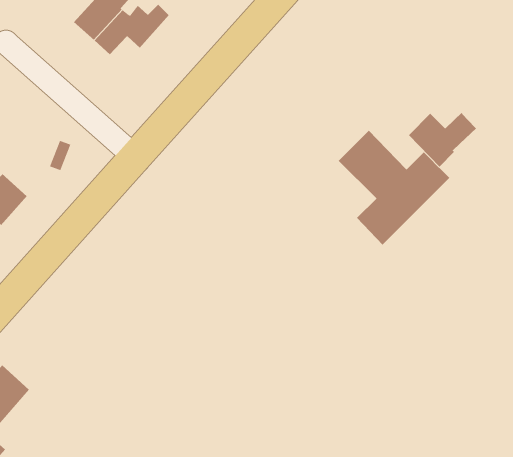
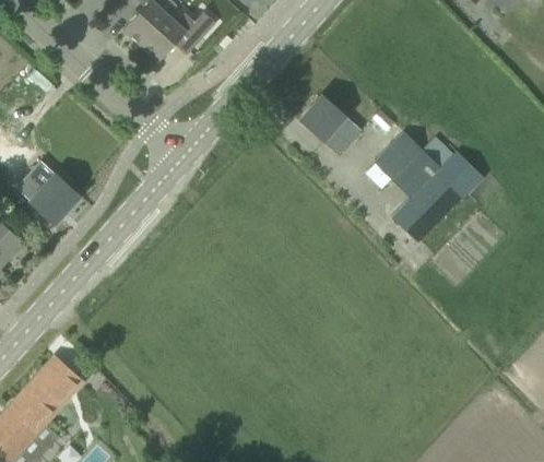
building: none -> [298,94,359,154]
building: [408,112,477,167] -> none

